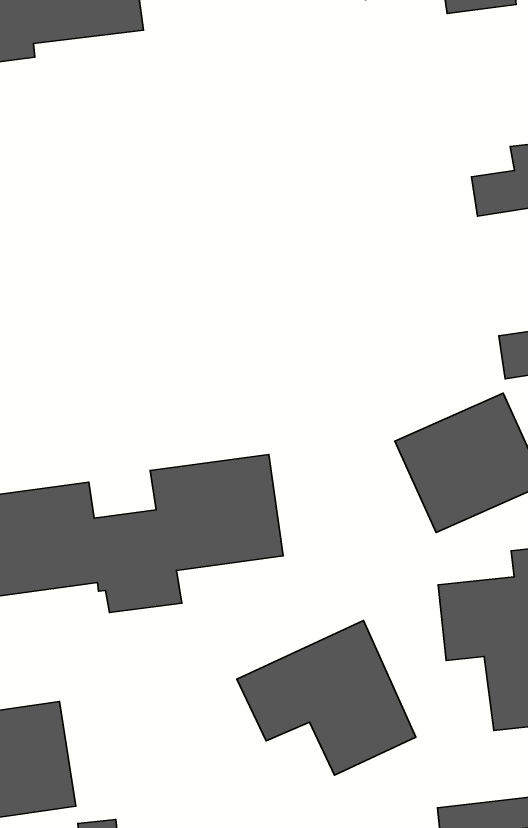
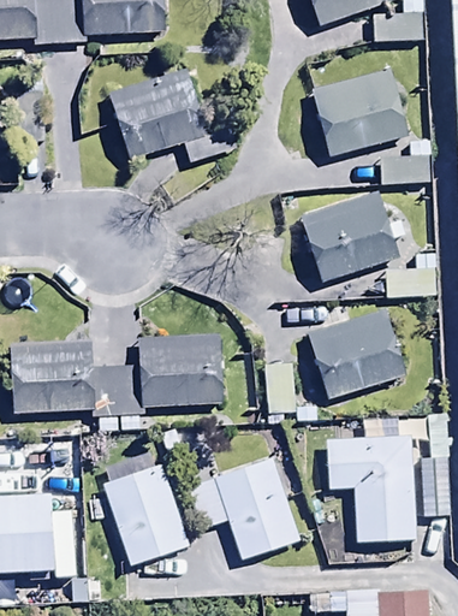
building: none -> [310,66,406,156]
building: none -> [109,67,238,164]
building: none -> [301,192,397,282]
building: none -> [101,461,191,567]

